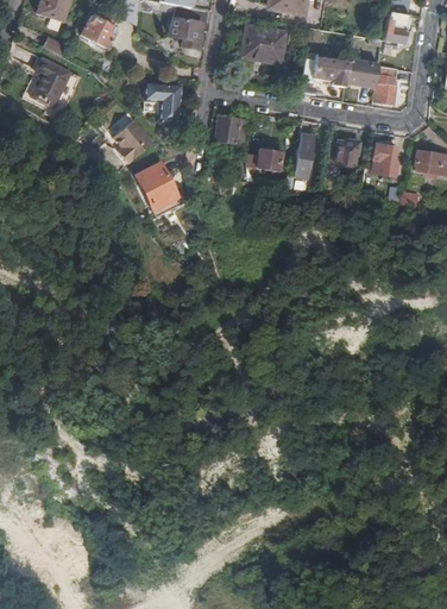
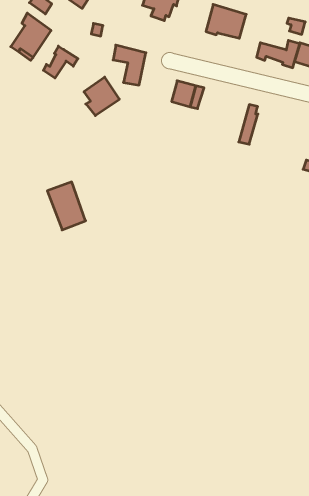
building: none -> [43,46,78,78]
building: [326,138,357,165] -> none
building: [246,147,283,171] -> none
building: [136,161,182,215] -> [47,182,86,230]

